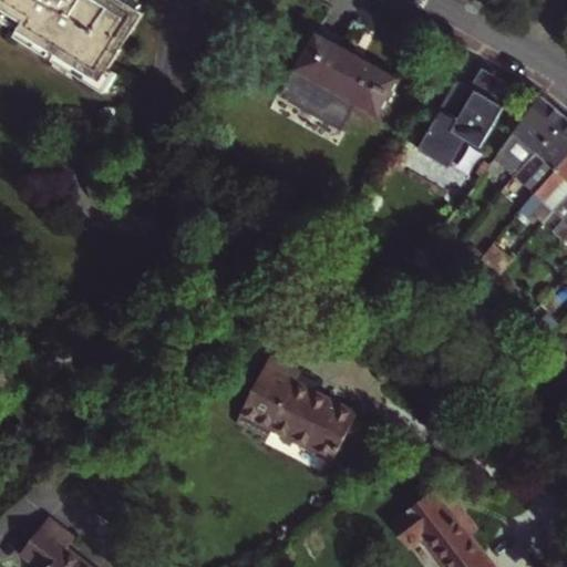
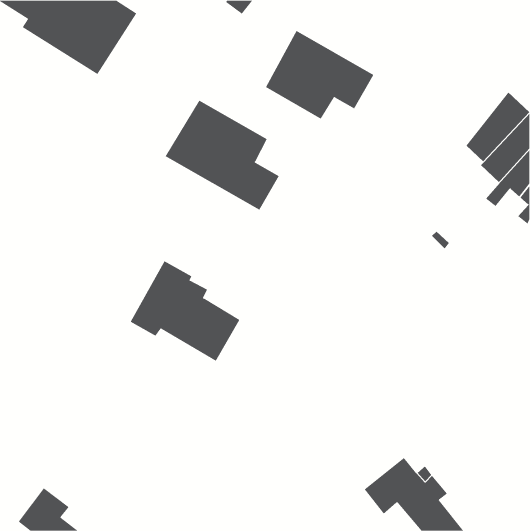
building: [419,68,508,168] -> none
building: none -> [165,100,279,211]
building: [234,358,351,465] -> [130,261,240,361]

